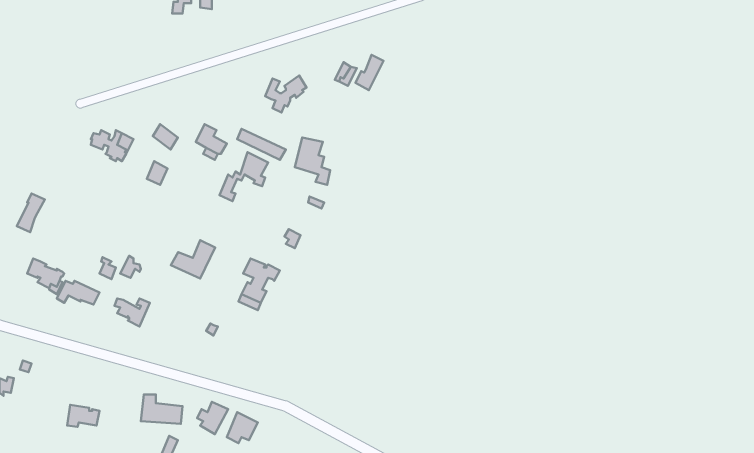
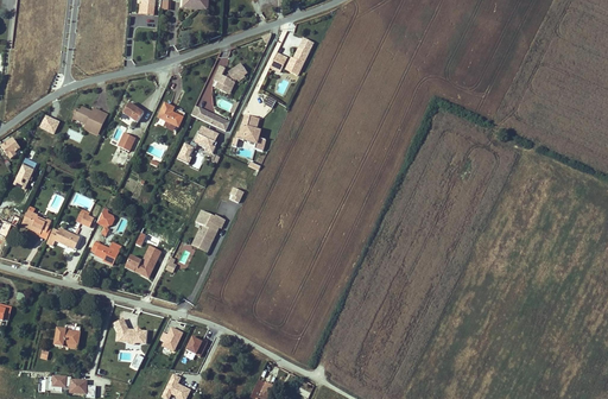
building: [171,240,215,279] -> [126,247,162,278]

